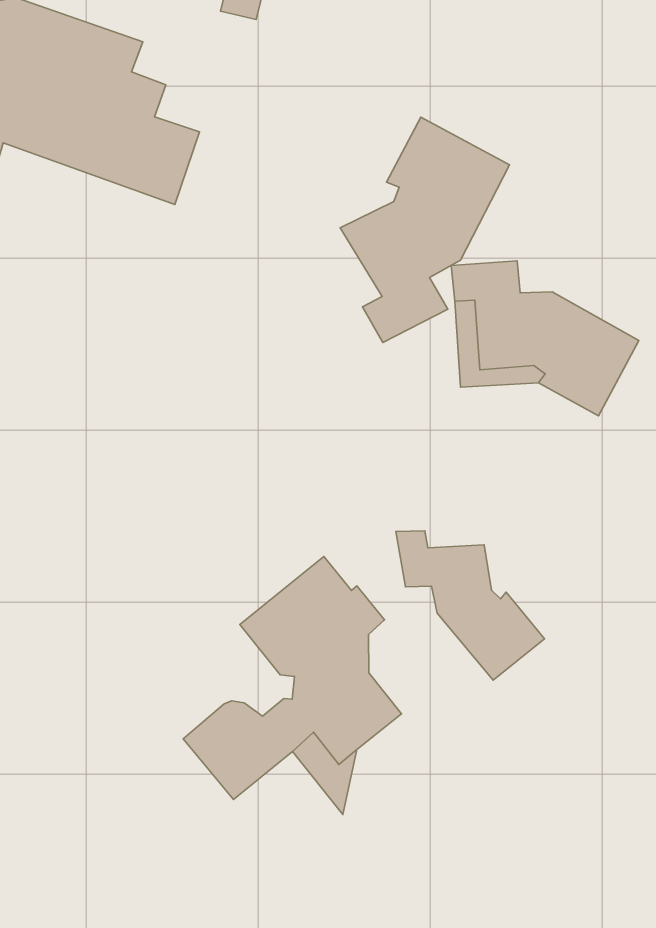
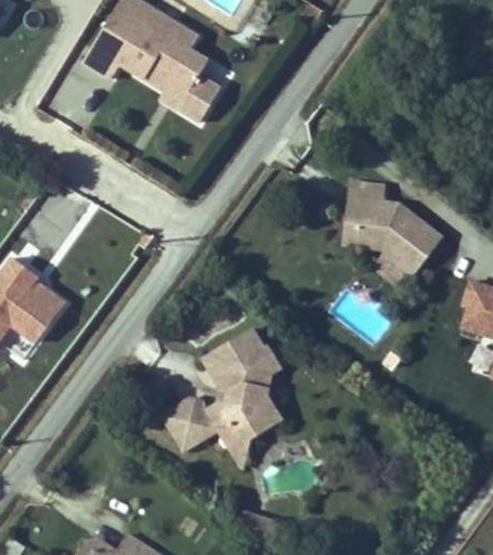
building: [340,117,509,343] -> none
building: [396,531,544,680] -> none

